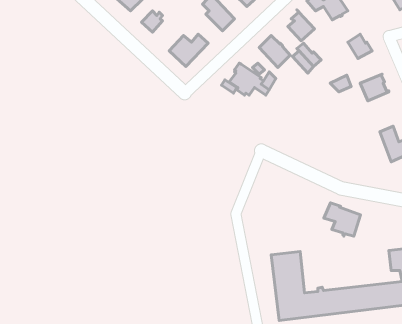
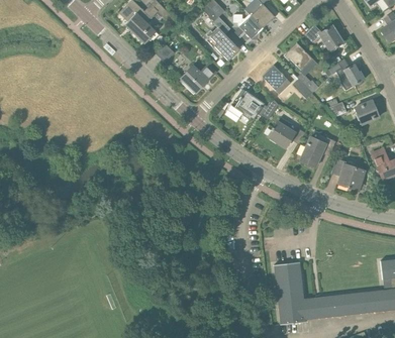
building: none -> [267,116,305,147]
building: none -> [301,133,335,164]
building: [324,203,361,236] -> [330,158,364,189]

